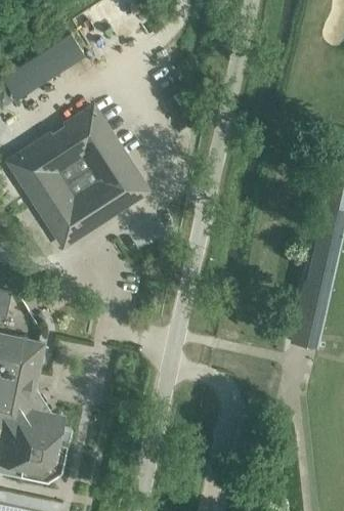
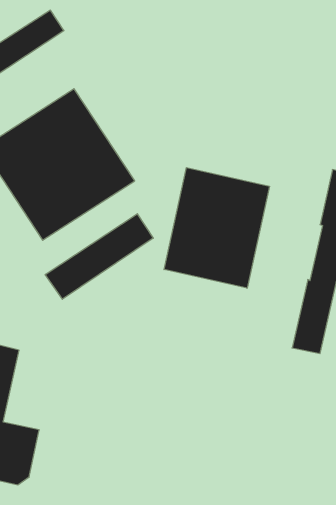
building: none -> [164,168,269,288]
building: none -> [45,214,153,299]

